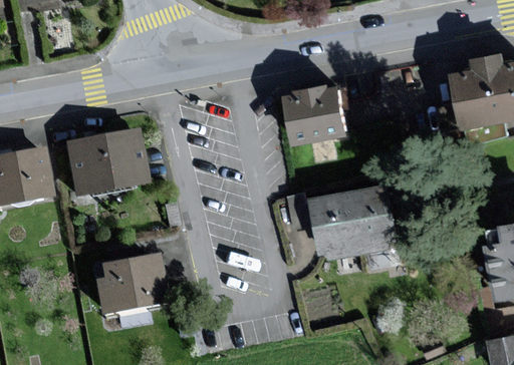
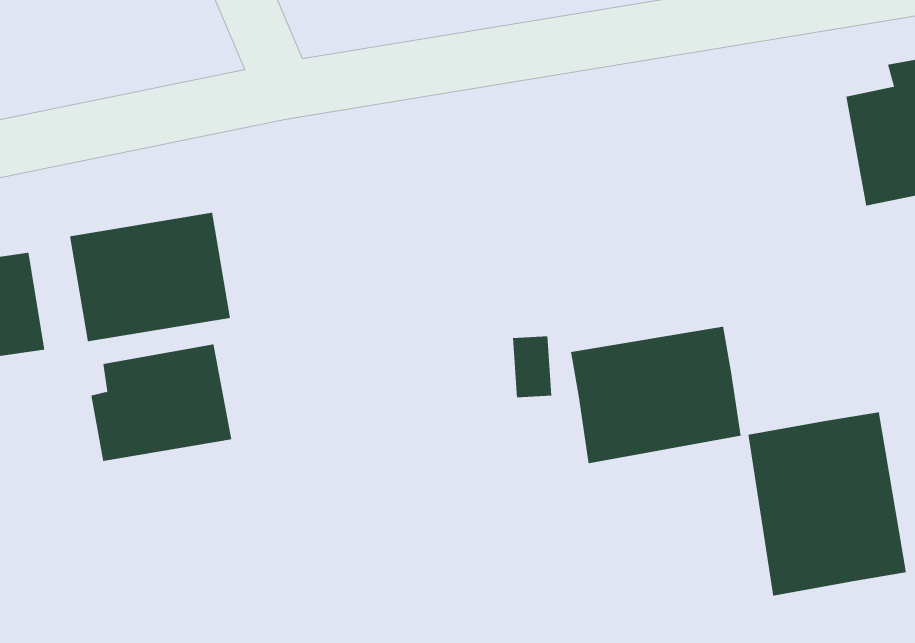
building: [286,82,348,141] -> none
building: none -> [748,411,906,596]
building: [93,256,165,315] -> [90,344,232,462]

